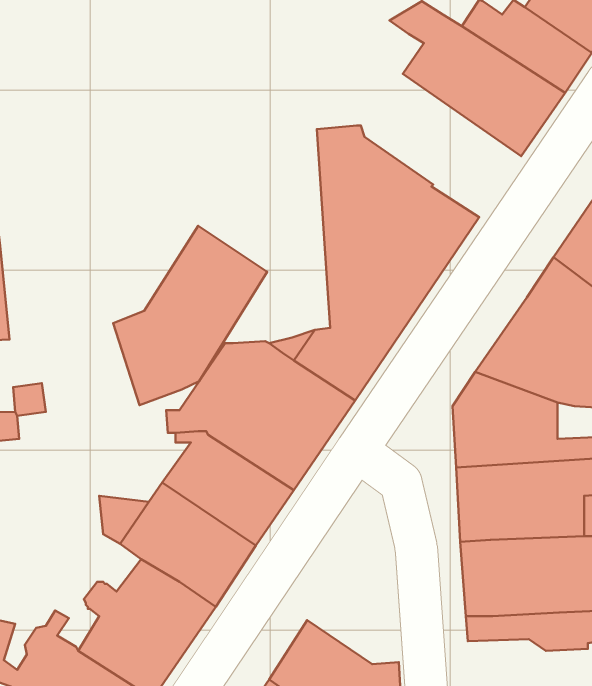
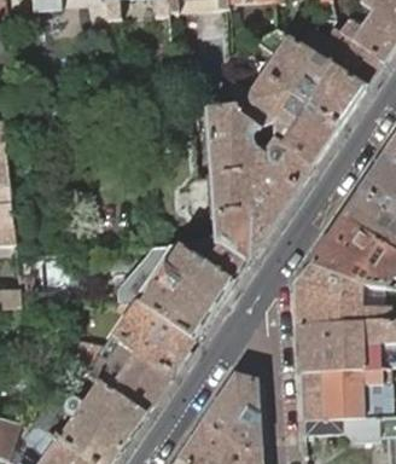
building: none -> [232,74,338,164]
building: [113,226,267,405] -> none
building: none -> [203,372,261,447]

